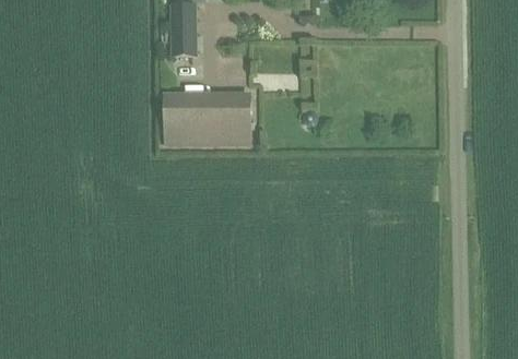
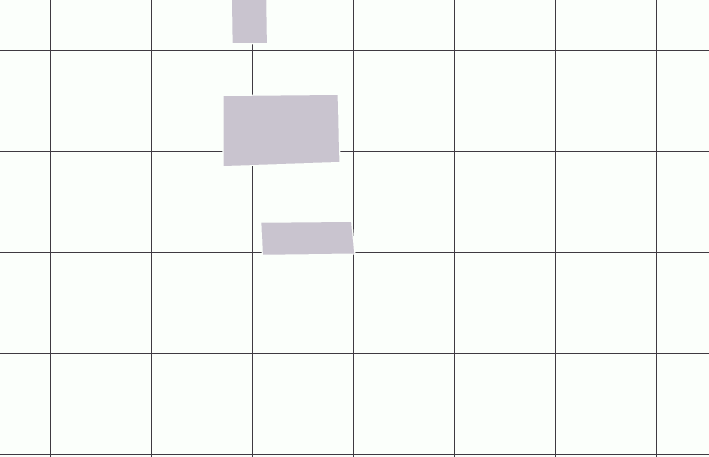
building: none -> [261,221,355,255]

